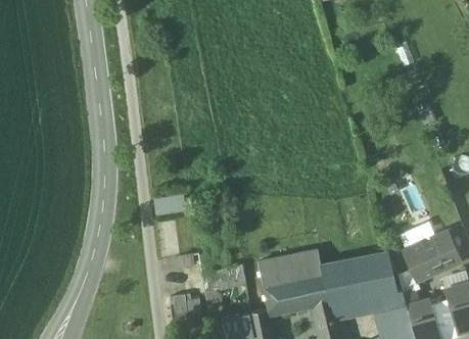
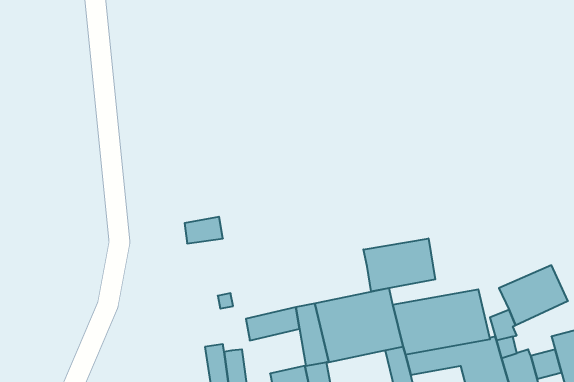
building: none -> [363,238,435,292]

